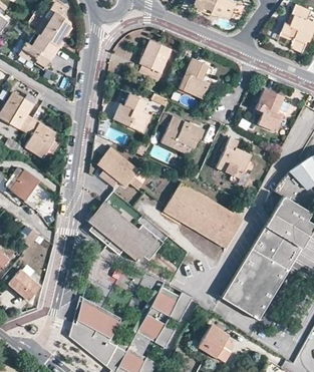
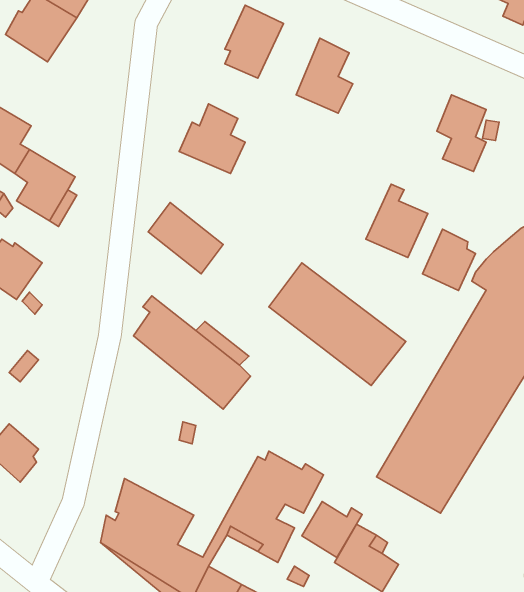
building: [162,116,205,151] -> none
building: none -> [423,229,476,291]
building: none -> [302,502,362,558]

